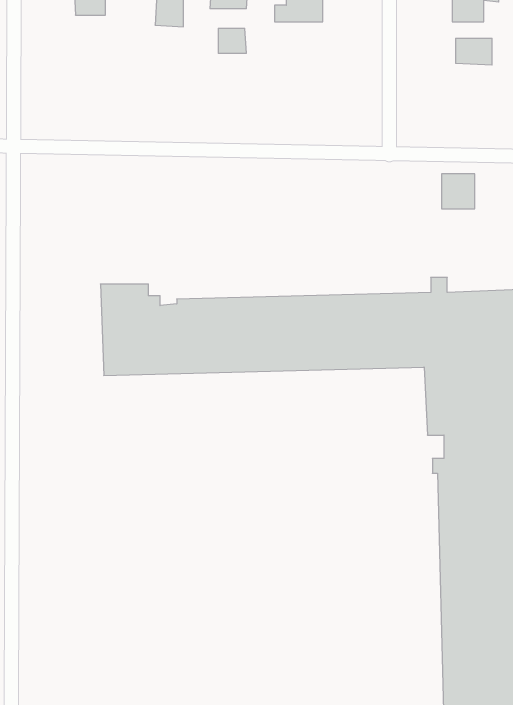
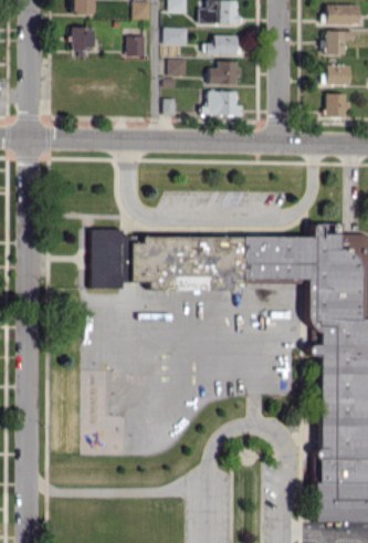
building: none -> [209,61,239,84]
building: none -> [201,91,242,115]
building: [442,174,475,209] -> [326,94,348,117]

